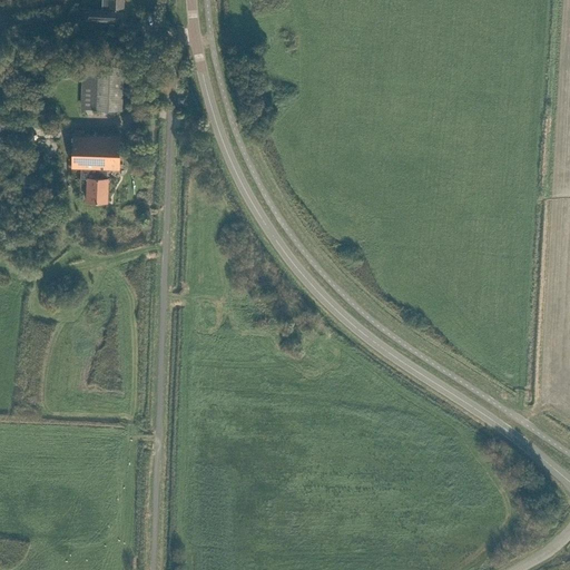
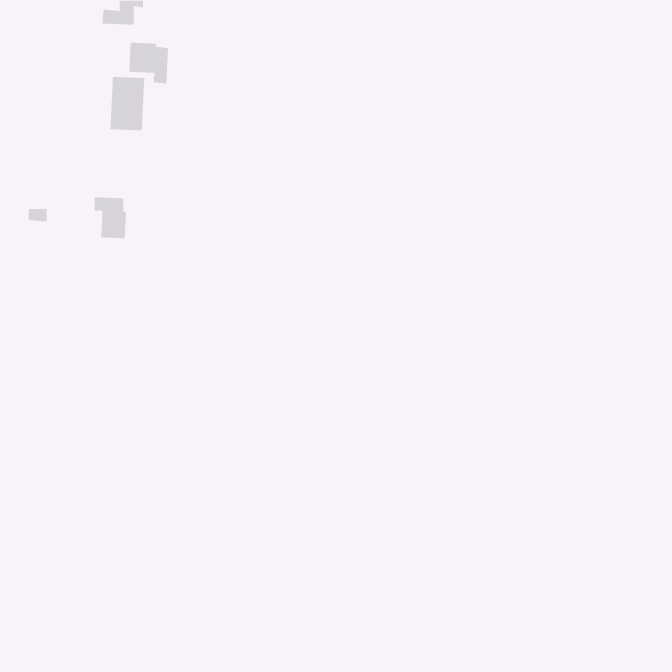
building: none -> [129,42,169,84]
building: [70,137,118,169] -> none

